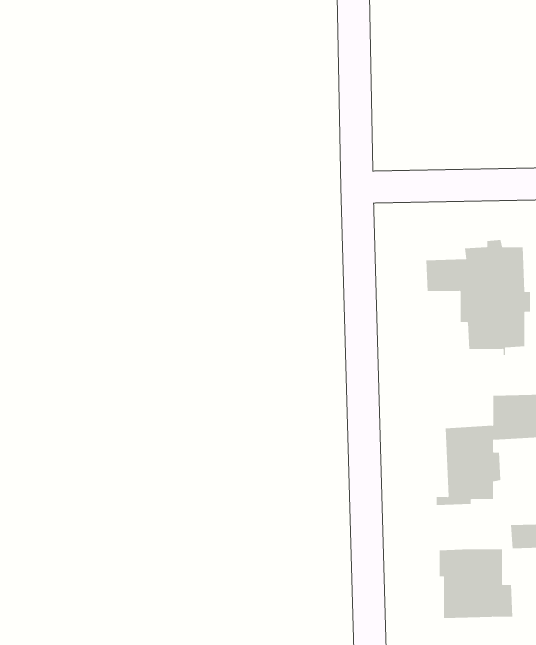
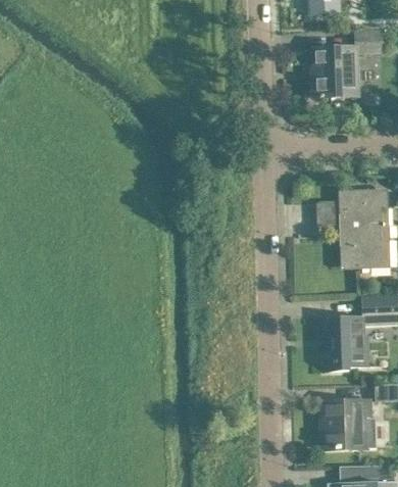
building: none -> [311,31,381,97]

